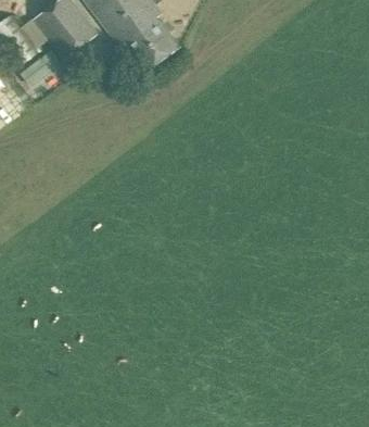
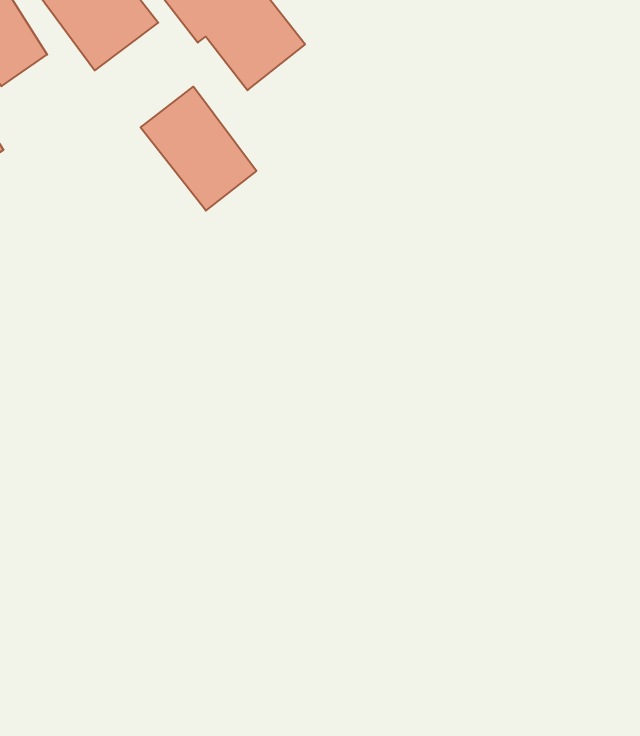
building: none -> [141,87,256,211]

